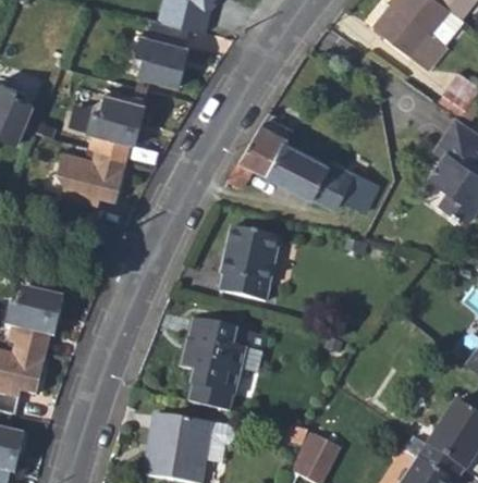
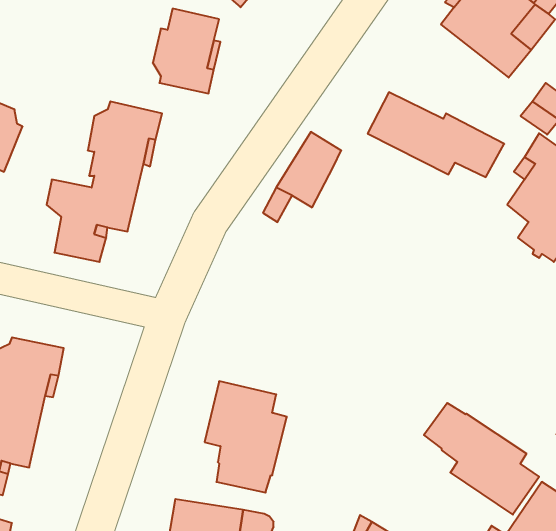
building: [268,143,380,212] -> [368,92,504,177]
building: [220,227,279,301] -> none
building: none -> [424,403,539,515]

